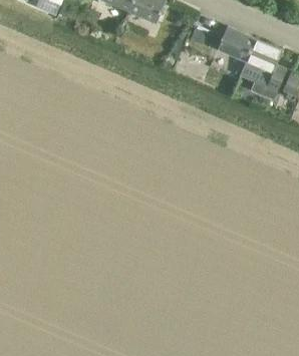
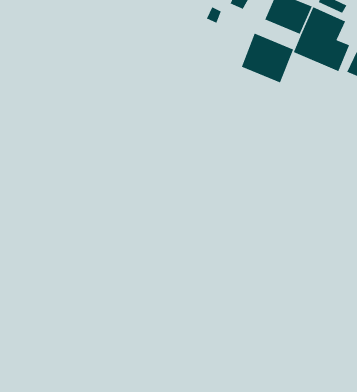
building: none -> [241,33,294,84]

